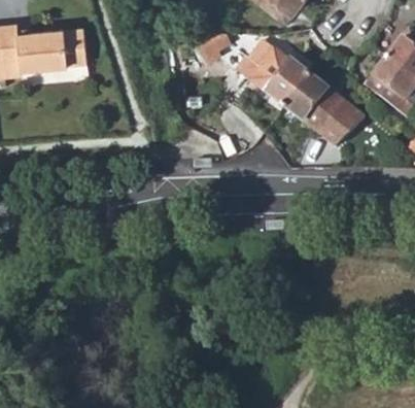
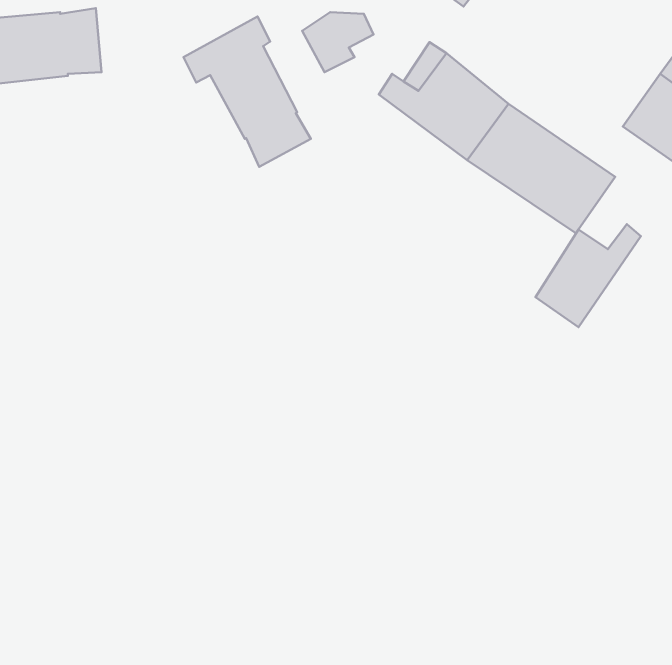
building: none -> [184,16,311,167]
building: none -> [535,224,641,327]

